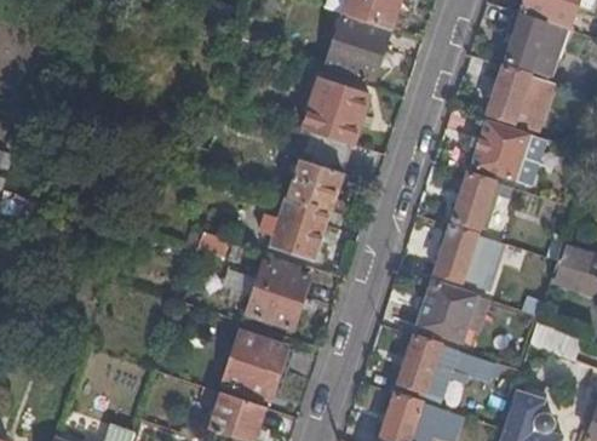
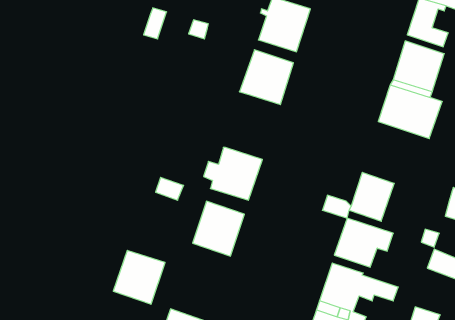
building: [286,130,352,210] -> none
building: [454,172,501,227] -> none
building: [223,331,286,396] -> [113,250,165,304]

